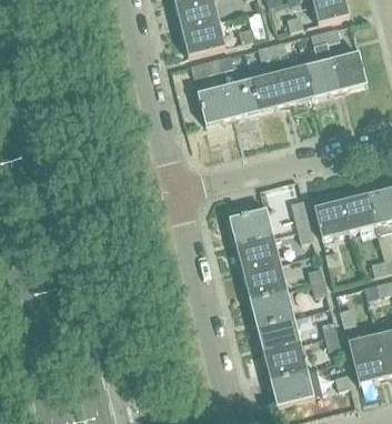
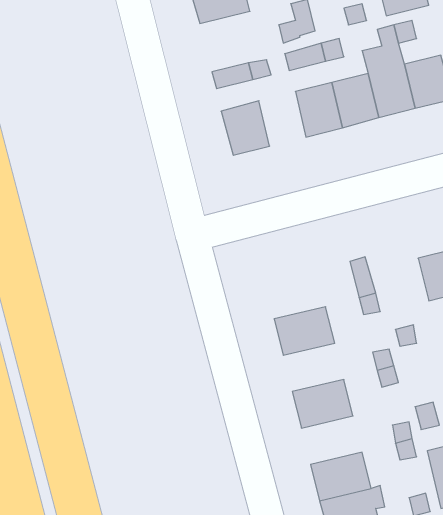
building: [182,19,227,55] -> none
building: [225,78,260,118] -> none
building: [314,200,350,238] -> none
building: [230,208,274,244] -> none
building: [243,262,288,297] -> none
building: [257,315,301,351] -> none

